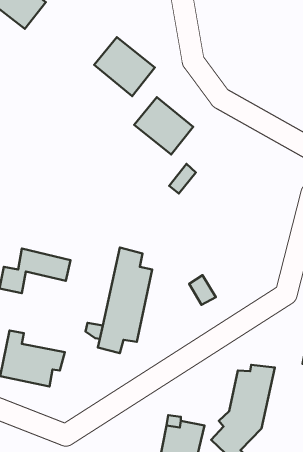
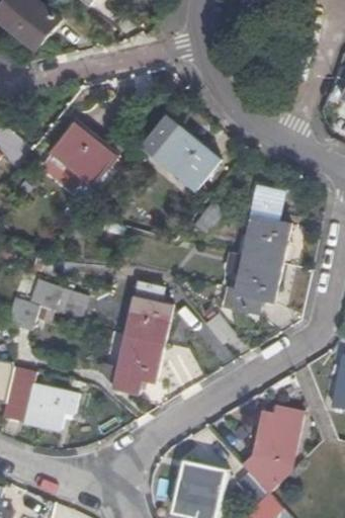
building: [94,37,155,96] -> [50,121,114,184]
building: none -> [232,184,289,314]

